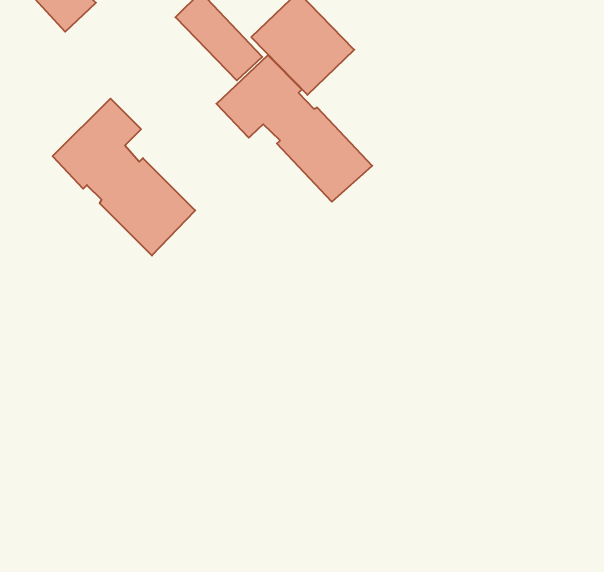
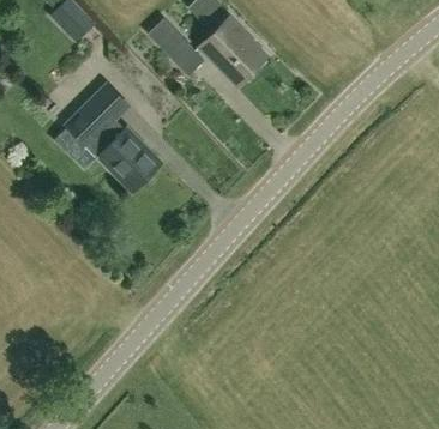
building: [216,55,372,202] -> none

